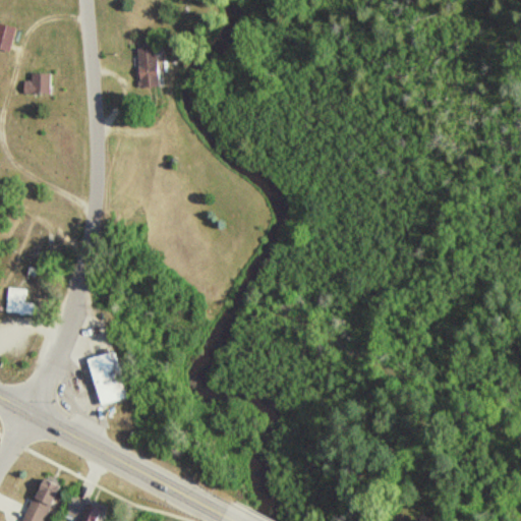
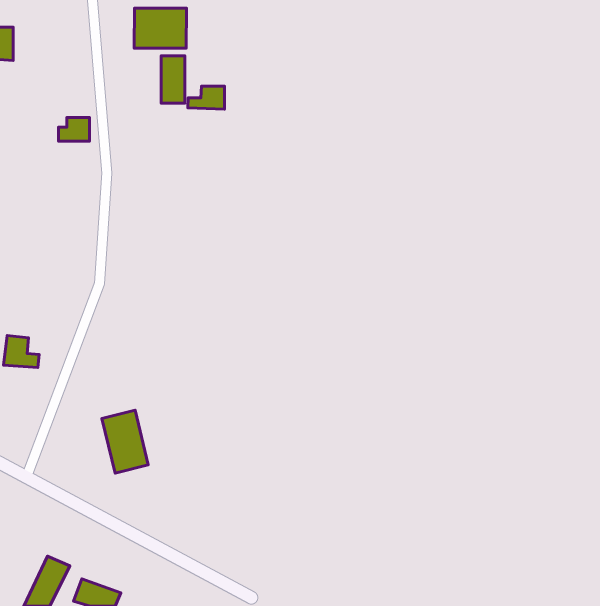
building: none -> [134,8,187,48]
building: [21,73,48,94] -> [59,118,89,141]
building: none -> [188,86,225,109]

